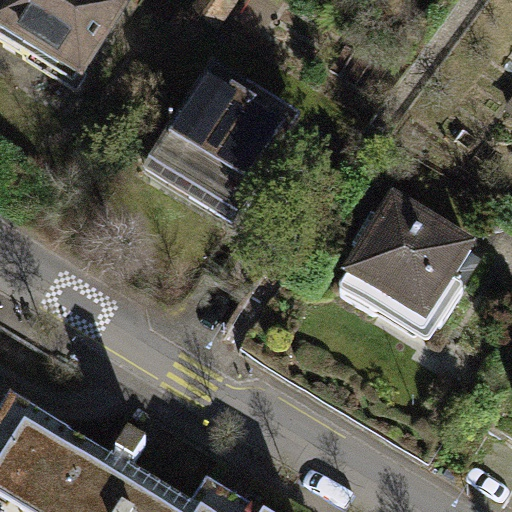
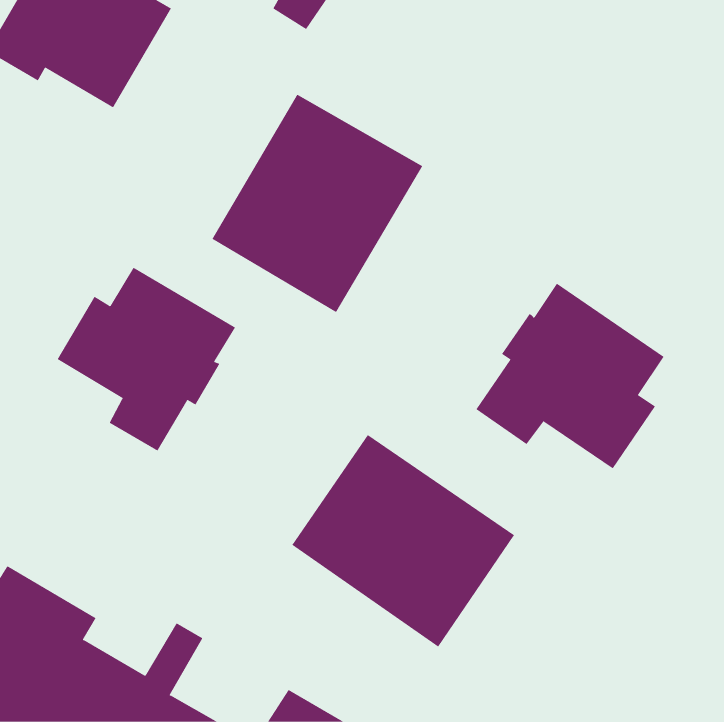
building: none -> [57,267,236,451]
building: none -> [291,434,515,647]

